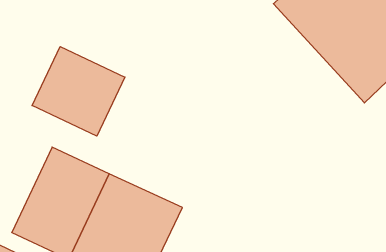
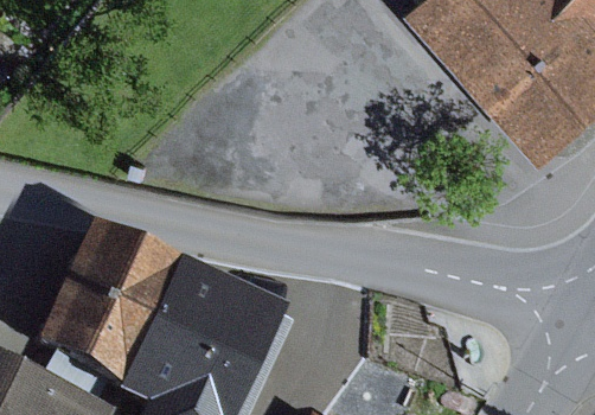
building: [32,47,125,136] -> none

